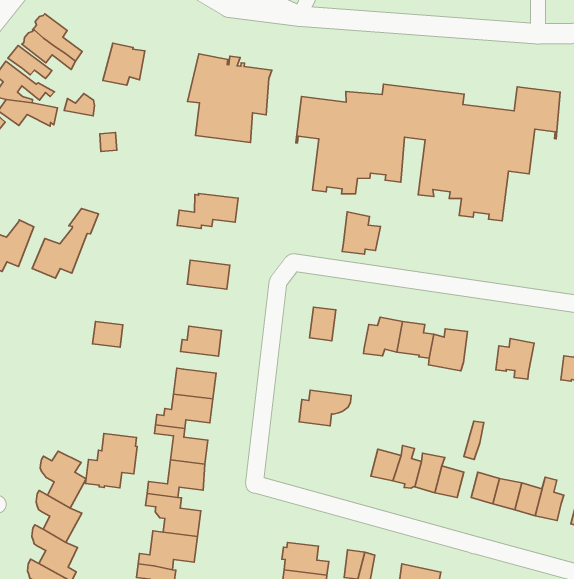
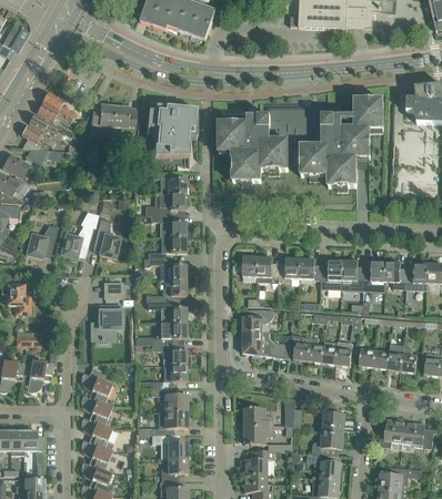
building: none -> [114,106,137,133]
building: none -> [151,171,187,193]
building: [342,212,380,254] -> [258,256,280,282]
building: none -> [93,220,121,258]
building: none -> [152,215,187,236]
building: none -> [144,257,187,278]
building: none -> [343,259,364,285]
building: none -> [385,262,406,288]
building: none -> [243,330,291,358]
building: [85,434,137,488] -> [92,305,122,339]

